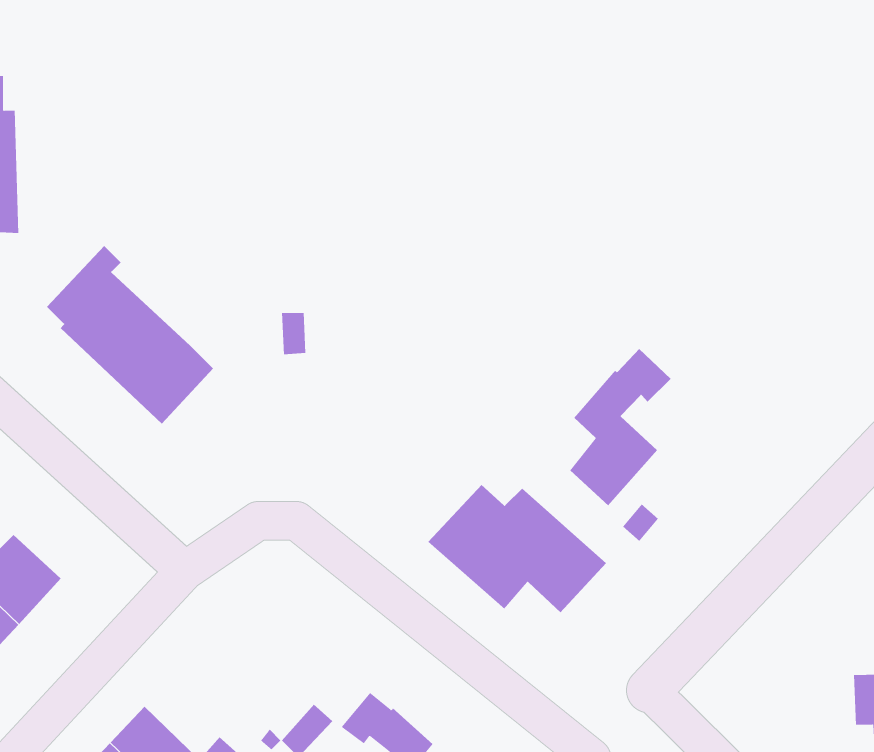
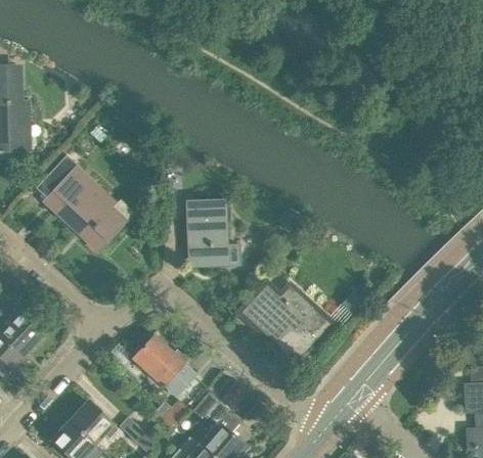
building: none -> [185,198,238,265]
building: [569,348,672,506] -> none
building: none -> [131,333,196,398]

